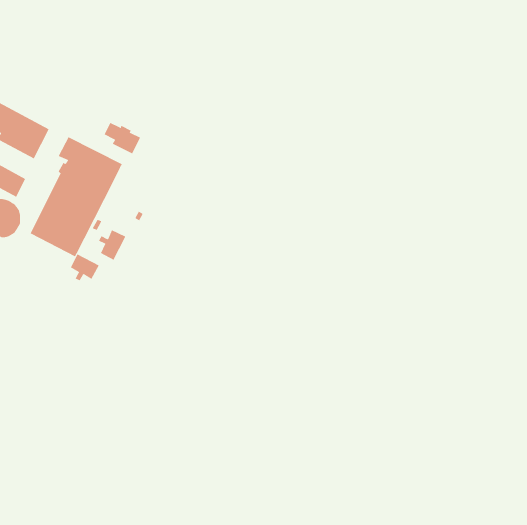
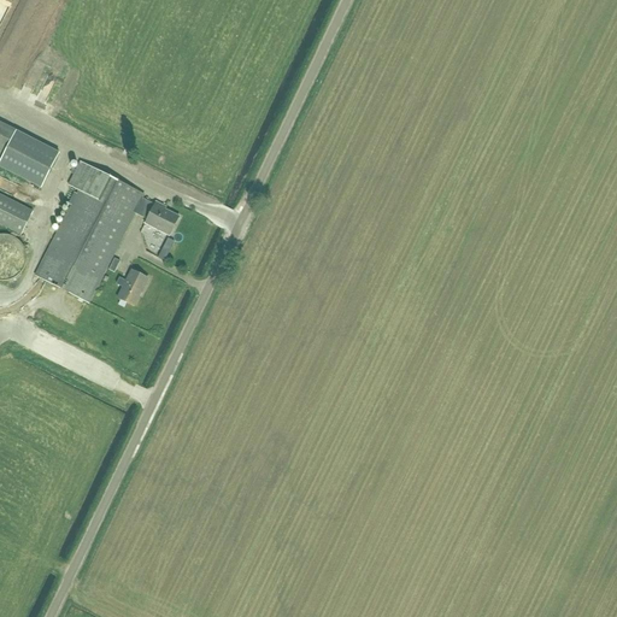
building: [104,122,141,154] -> [134,195,177,233]
building: [70,254,99,281] -> none

